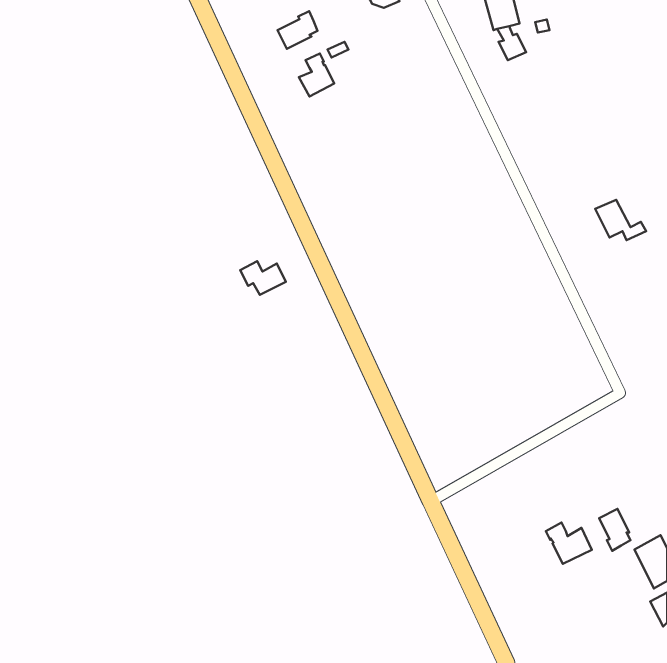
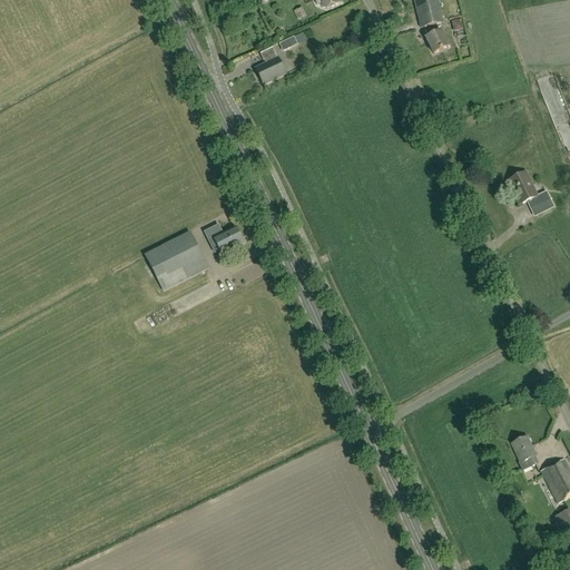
building: [277,11,318,49] -> none
building: none -> [145,230,208,289]
building: [546,522,592,564] -> none

